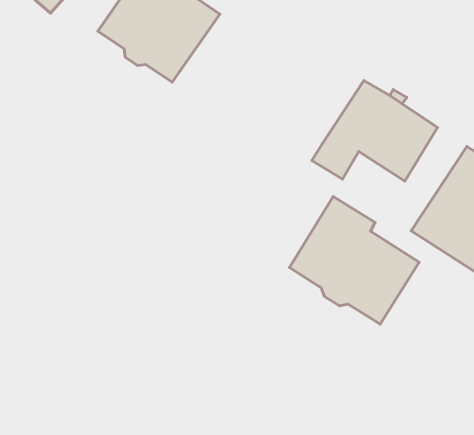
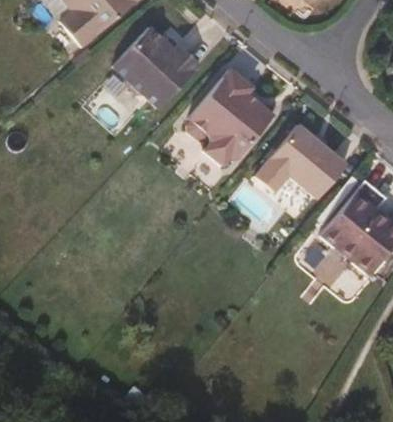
building: none -> [187,67,273,164]
building: [290,197,419,324] -> none

